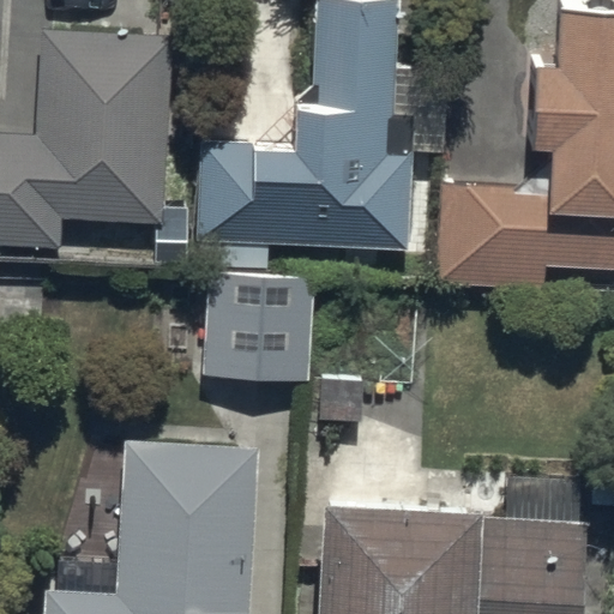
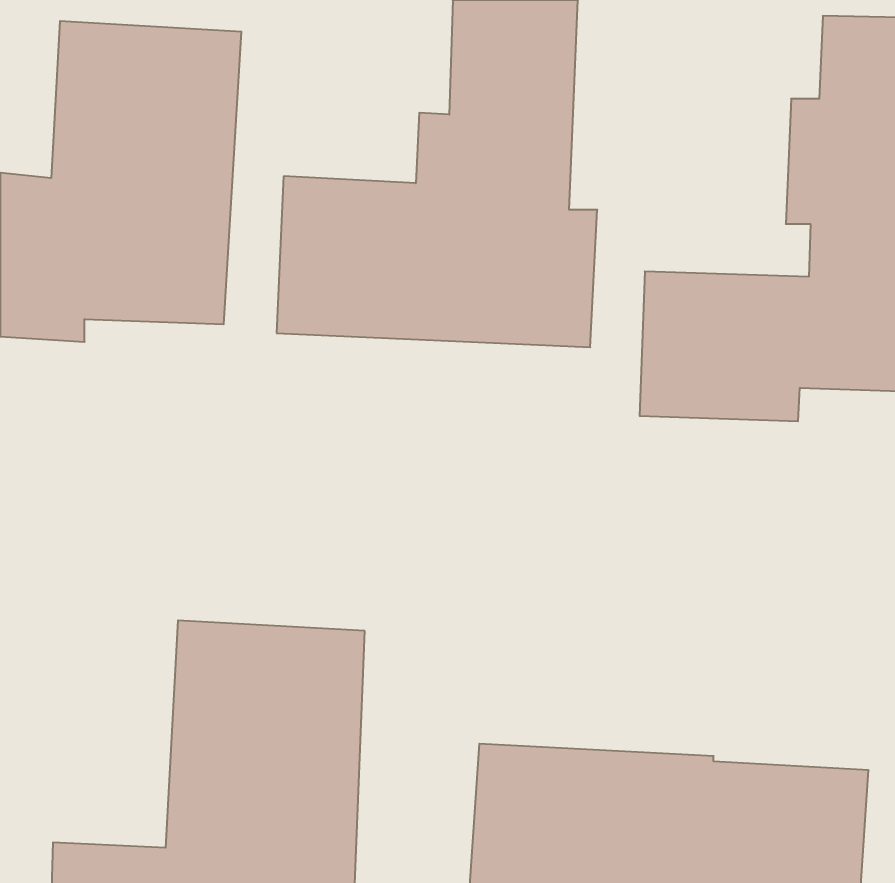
building: [199,269,315,378] -> none

